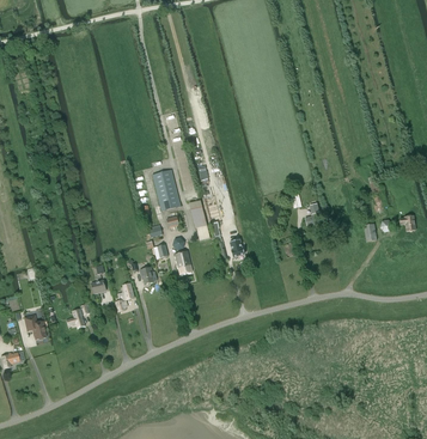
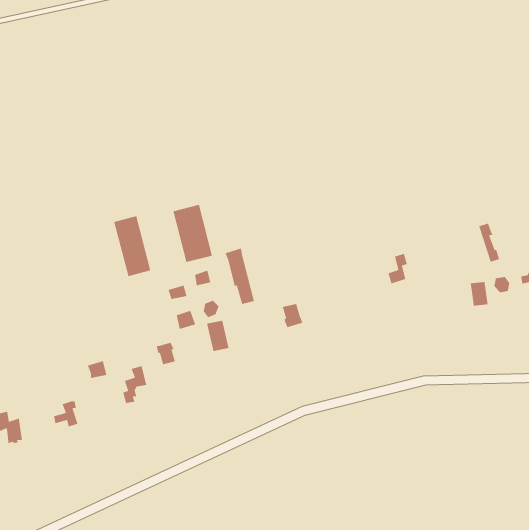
building: none -> [113,215,151,277]

